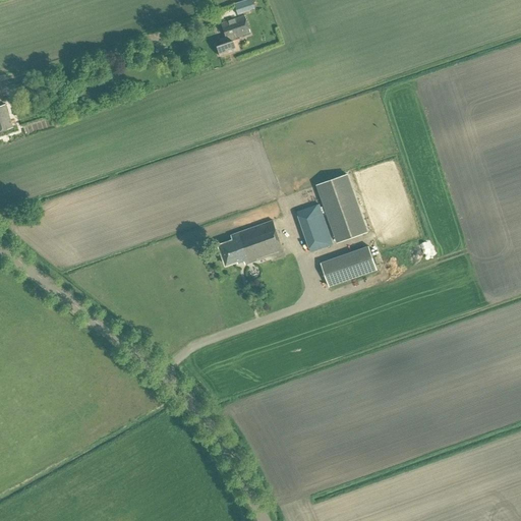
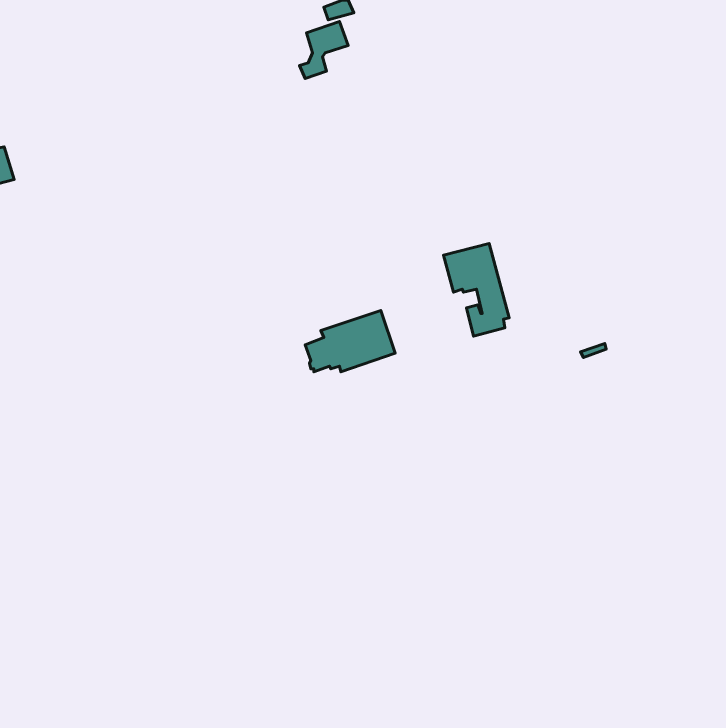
building: [295,204,331,251] -> none
building: [319,245,373,286] -> none

